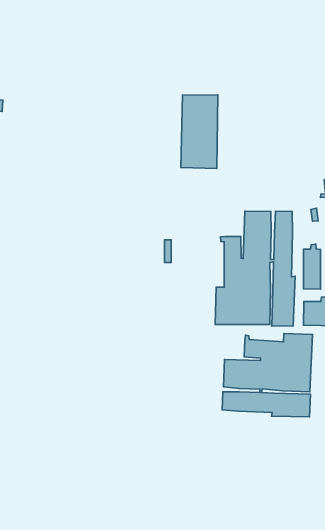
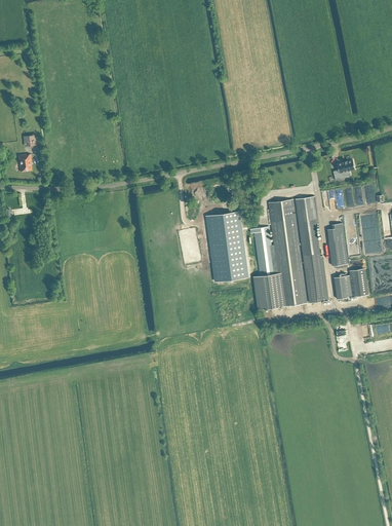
building: [181,95,218,168] -> [206,211,247,281]
building: [222,334,312,417] -> none

